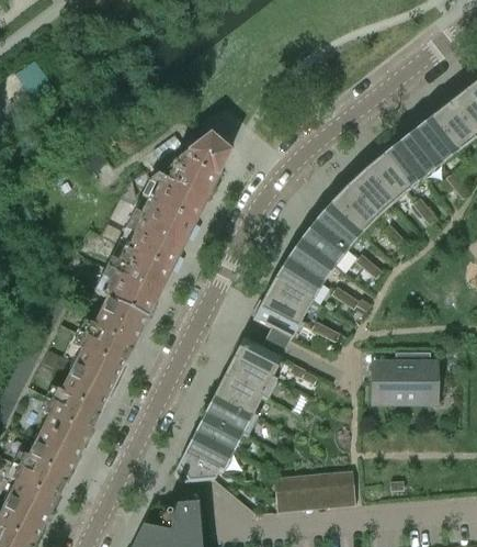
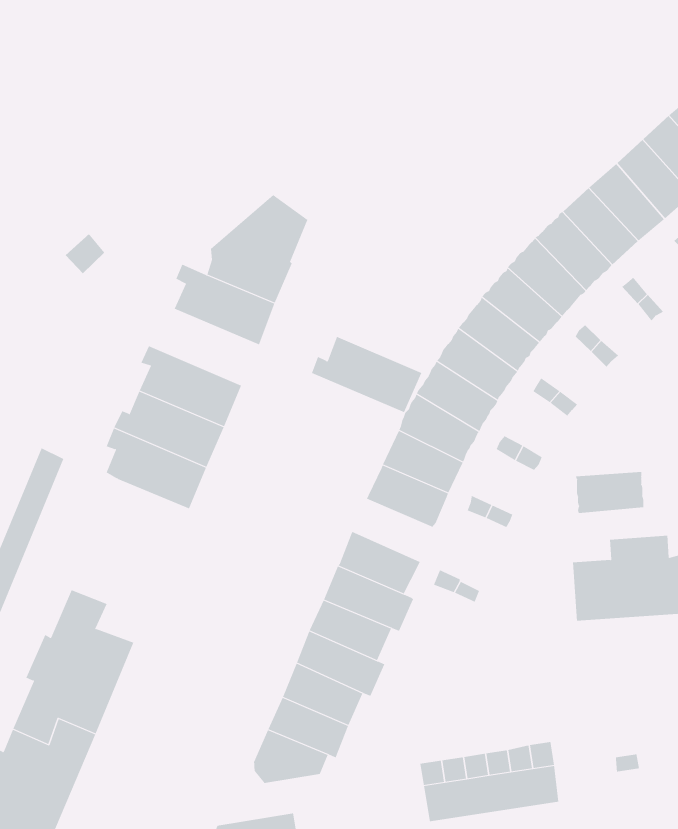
building: [130,198,196,246] -> [311,336,422,413]
building: [75,297,148,394] -> none
building: none -> [575,471,644,514]

